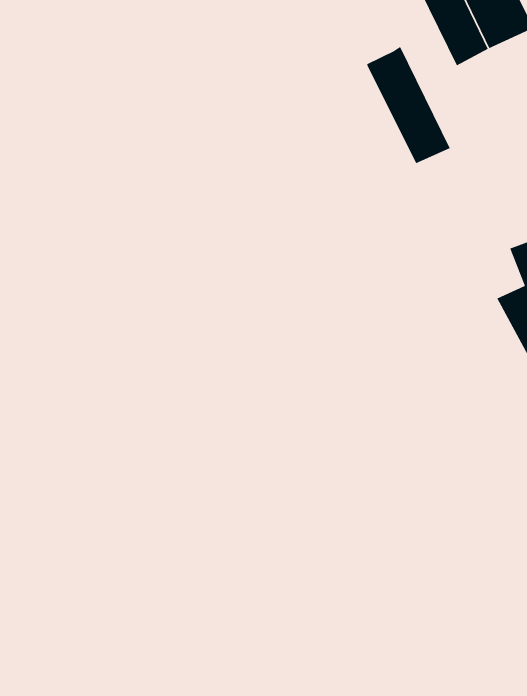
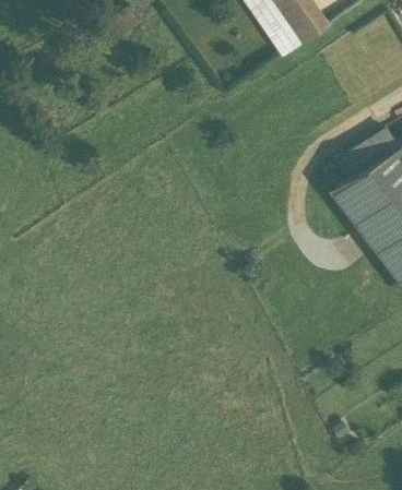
building: [366,46,451,164] -> none

